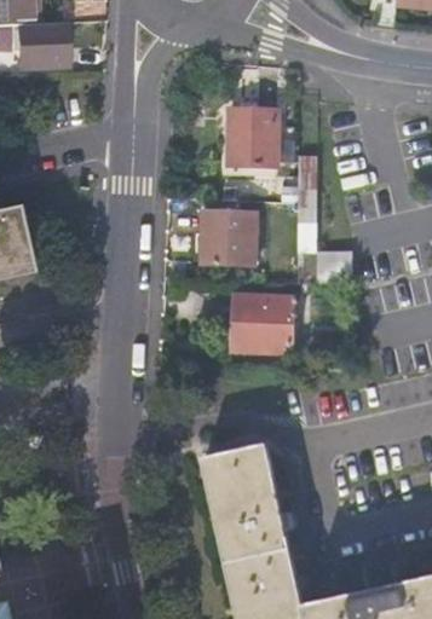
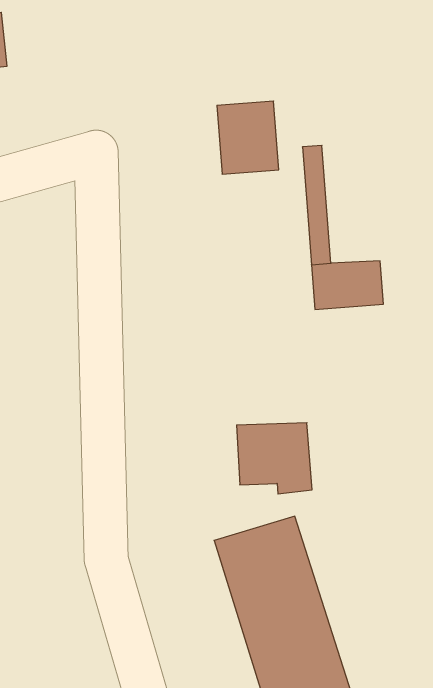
building: [202,213,253,265] -> none
building: [235,293,293,351] -> [237,423,312,494]

